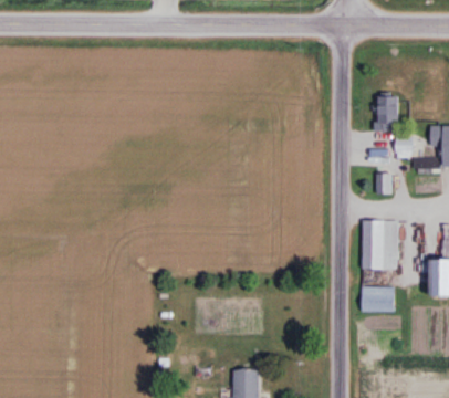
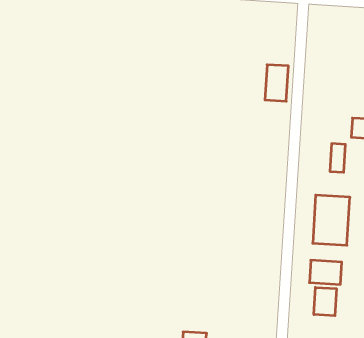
building: [375,96,397,133] -> [265,65,288,101]
building: none -> [314,287,336,316]

